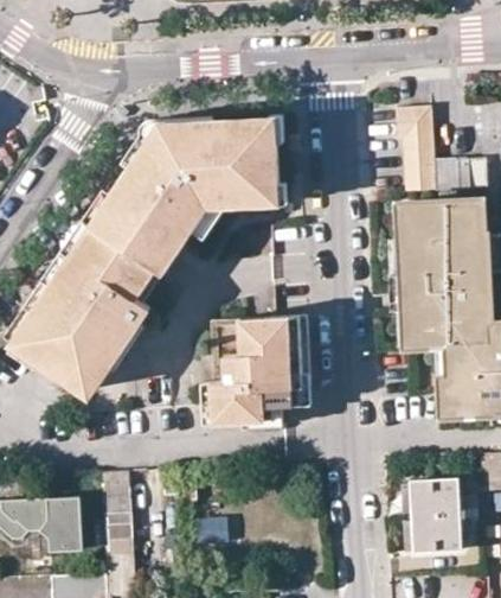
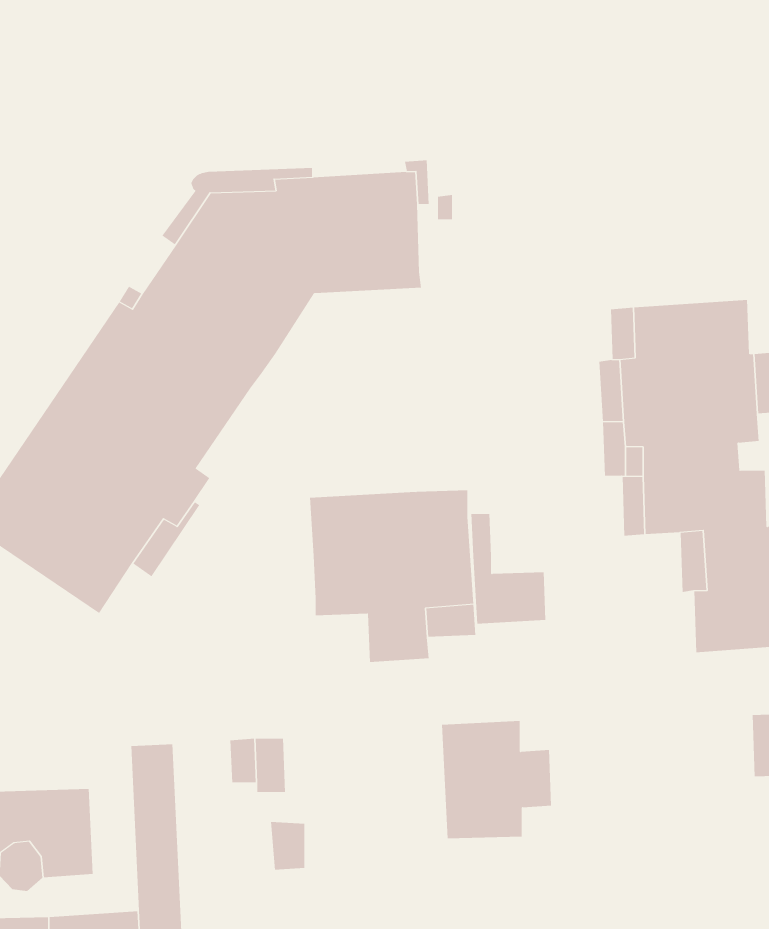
building: [397,108,487,192] -> none
building: [192,183,288,241] -> none
building: [203,356,249,424] -> [471,513,546,624]
building: [411,478,478,551] -> [441,720,552,839]

